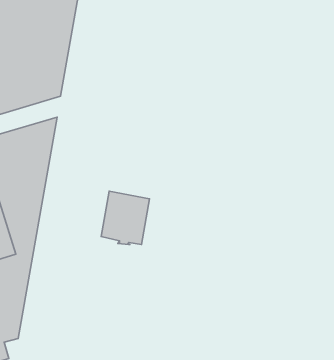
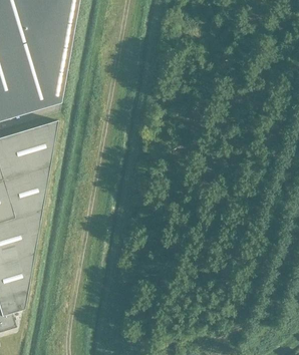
building: [101,191,149,245] -> none

